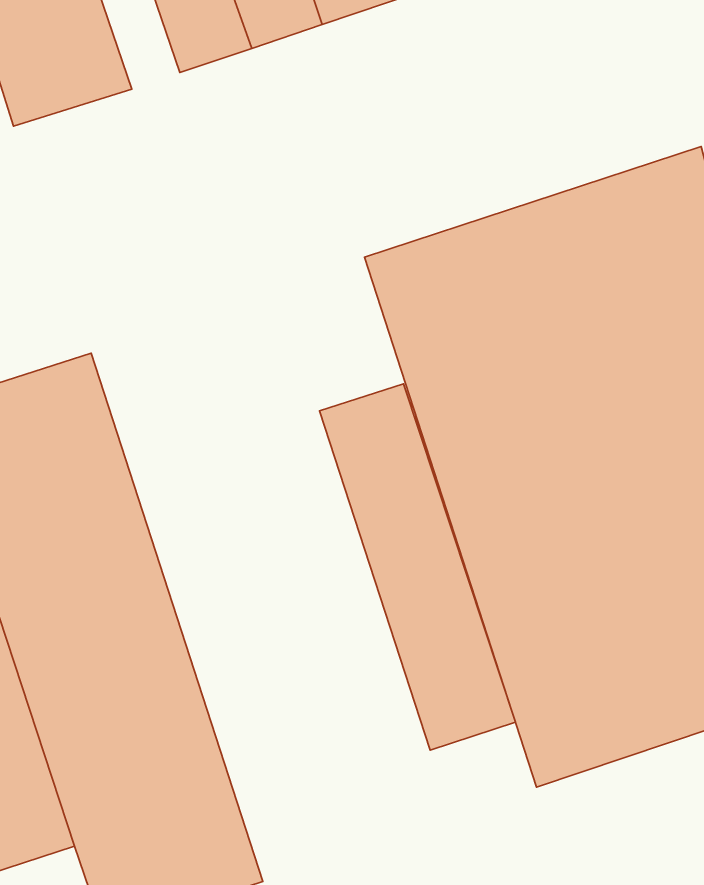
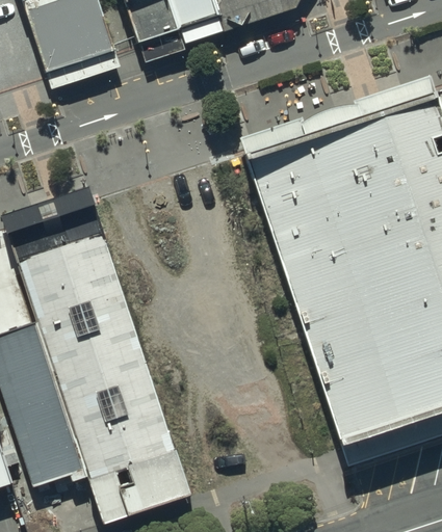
building: [320,384,515,750] -> none

